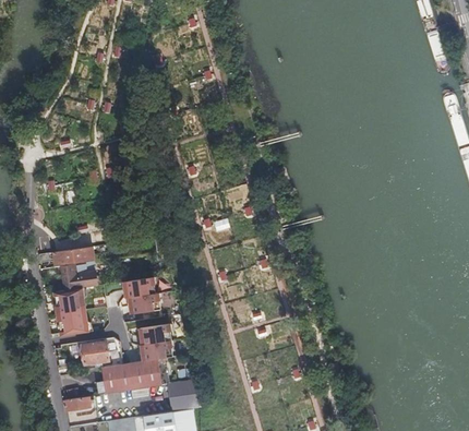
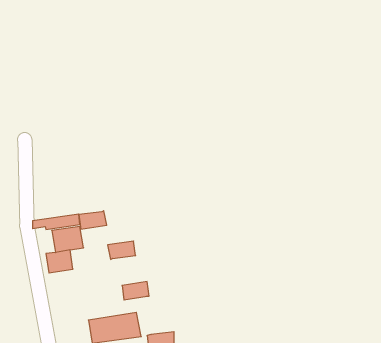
building: [130,292,161,313] -> [79,211,107,229]
building: [58,309,88,335] -> none
building: [141,339,171,360] -> none
building: [83,340,110,363] -> none

